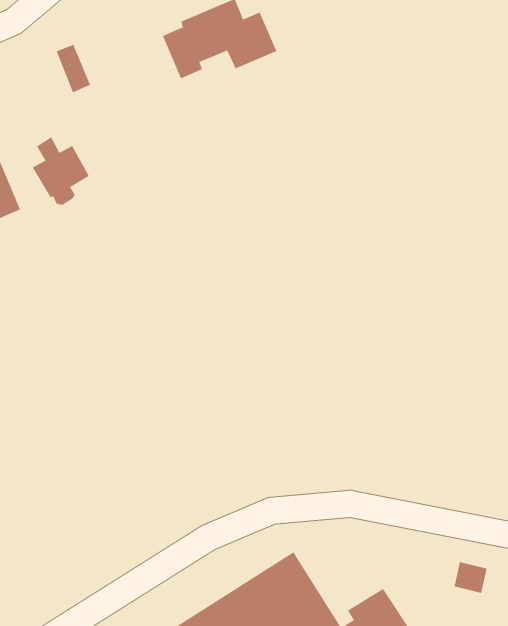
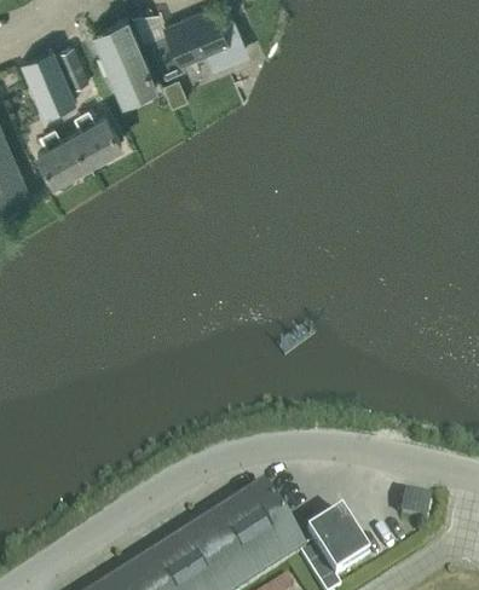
building: none -> [92,16,155,99]
building: none -> [21,48,75,116]
building: none -> [71,109,120,161]

